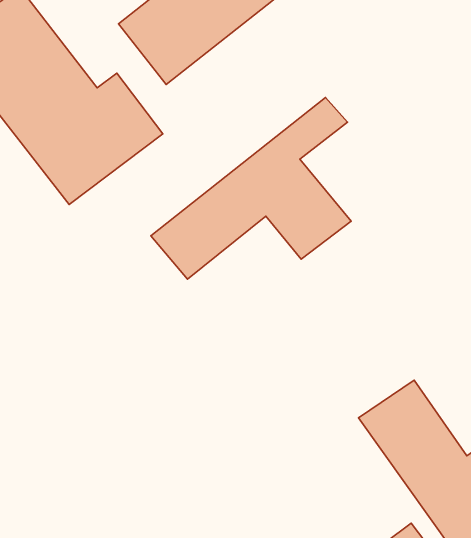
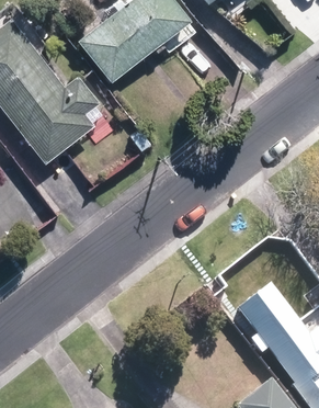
building: [151,98,351,279] -> none

